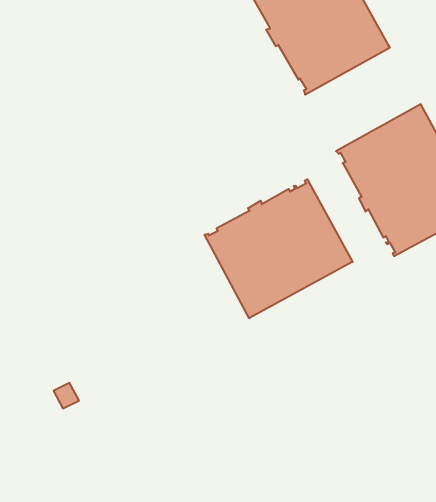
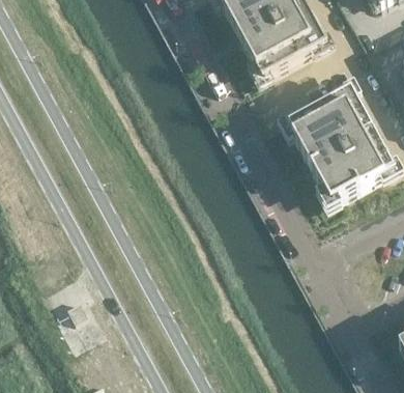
building: [205,179,353,318] -> none

